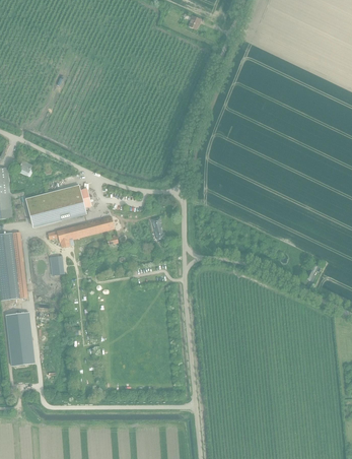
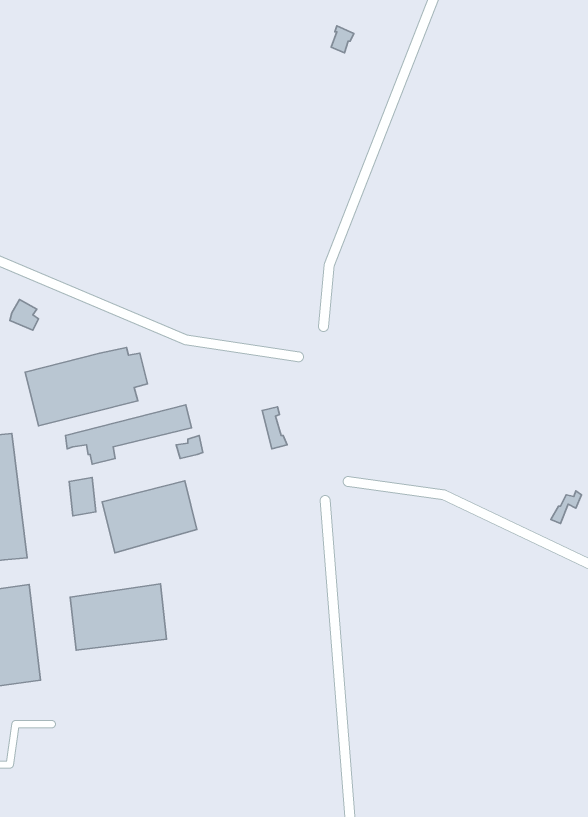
building: none -> [102,481,197,553]
building: none -> [70,584,167,650]

